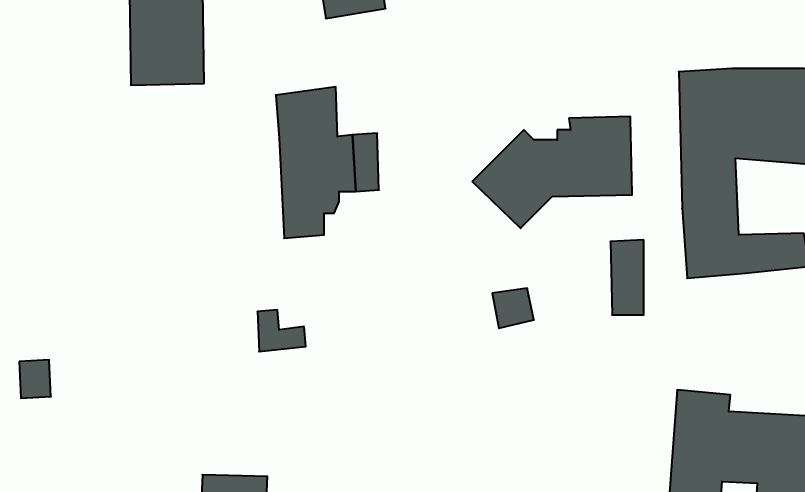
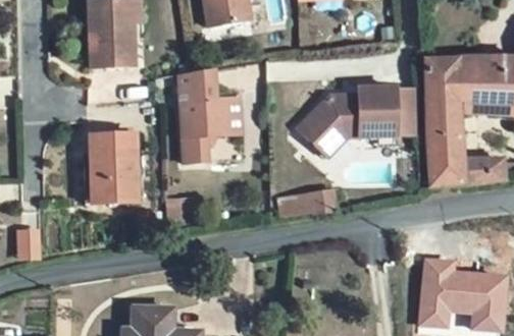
building: none -> [89,131,136,203]
building: [610,240,644,315] -> [395,88,415,133]

